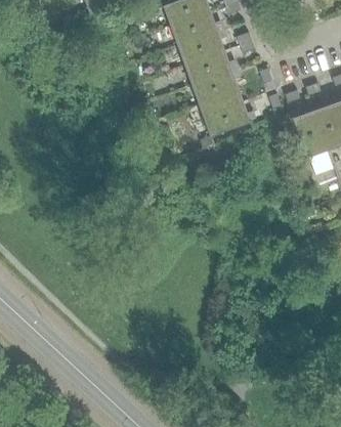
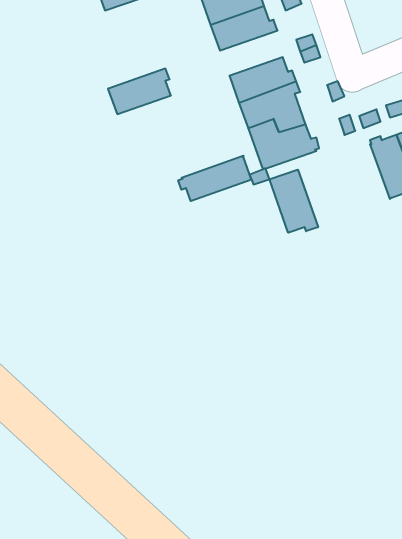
building: [177,31,225,66] -> [108,69,171,114]
building: none -> [178,156,251,201]
building: none -> [270,170,318,233]

